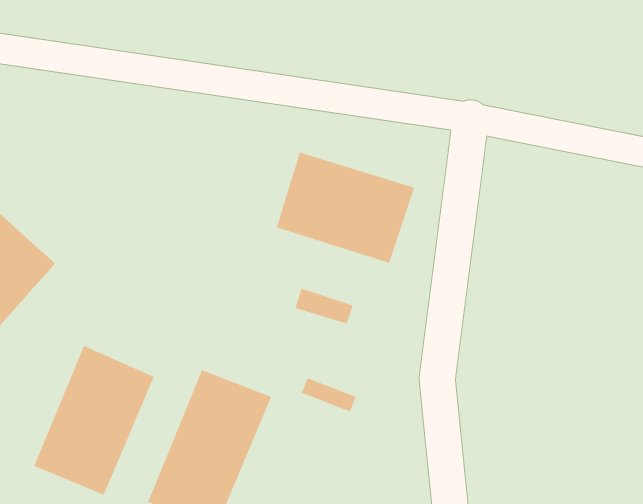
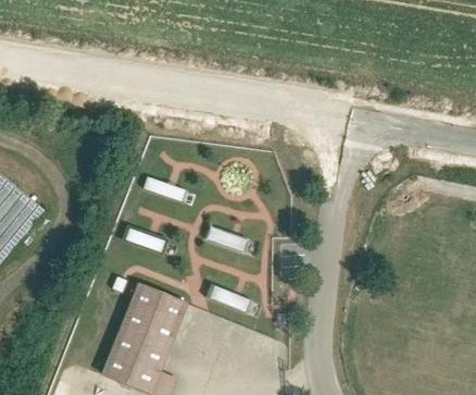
building: [276,151,415,264] -> none
building: [33,345,155,496] -> none

